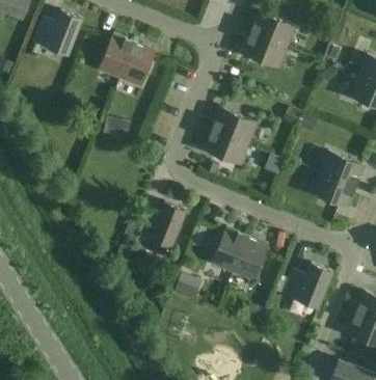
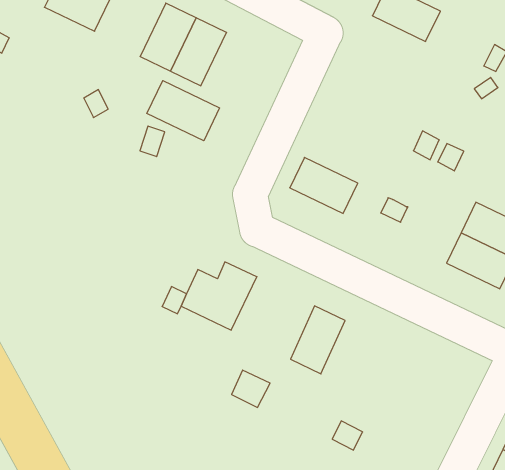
building: [242,32,287,67] -> none
building: none -> [147,81,220,141]
building: [212,108,257,143] -> none
building: [233,235,267,279] -> none
building: [284,263,332,307] -> none

